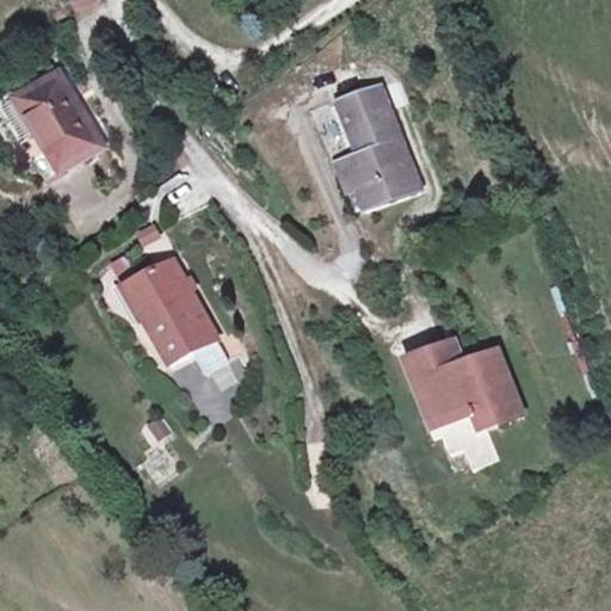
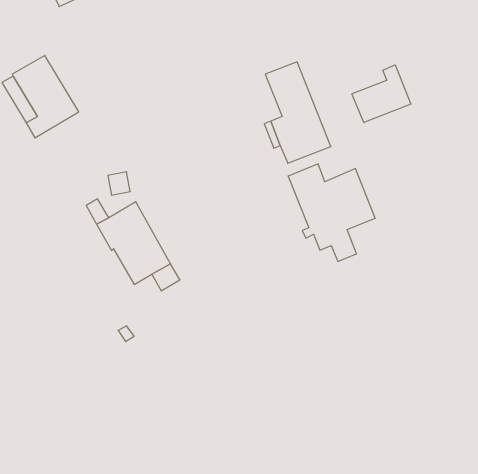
building: none -> [352,65,411,123]
building: [412,340,523,464] -> [288,164,375,261]

